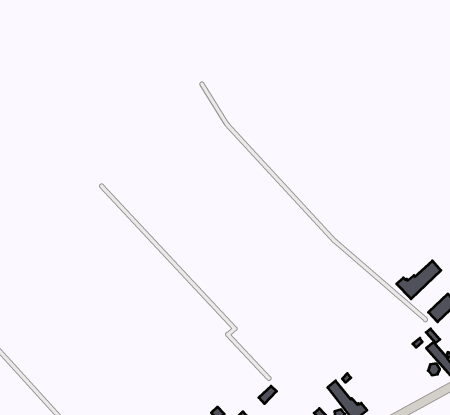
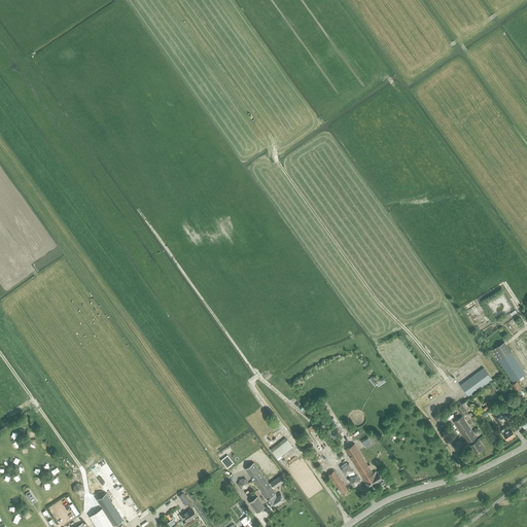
building: [397,261,441,299] -> none

